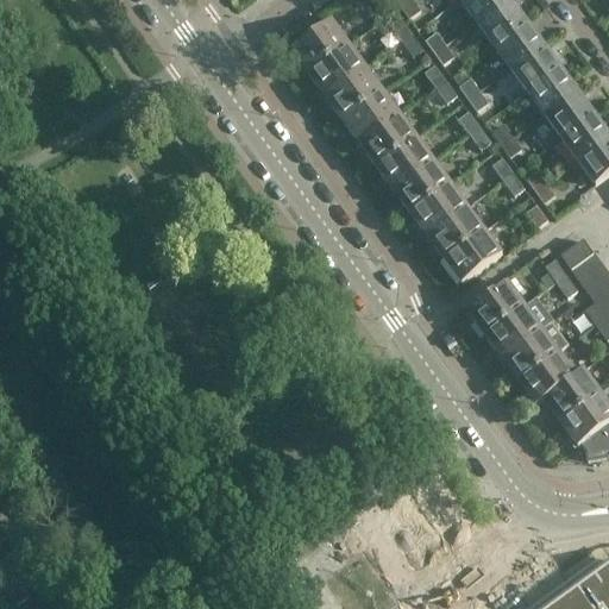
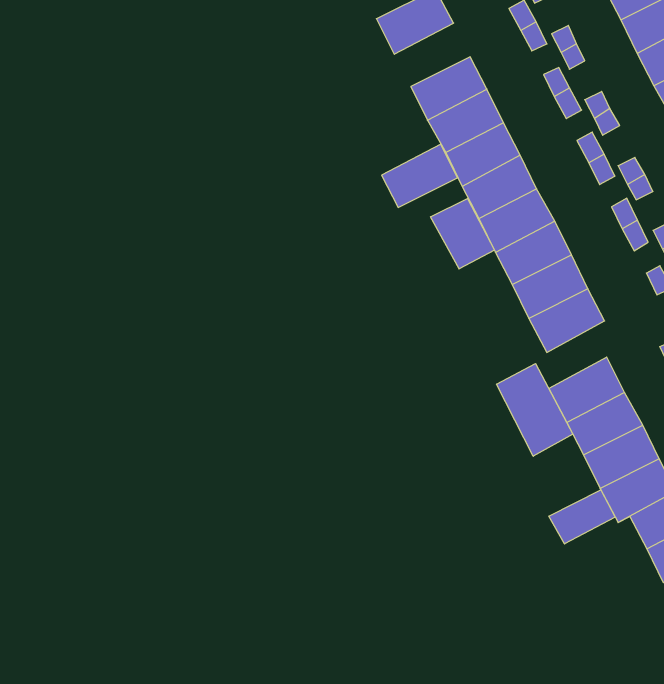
building: [308,43,366,96] -> [382,144,457,207]
building: none -> [431,199,494,269]
building: none -> [497,364,573,456]
building: none -> [549,490,615,544]

